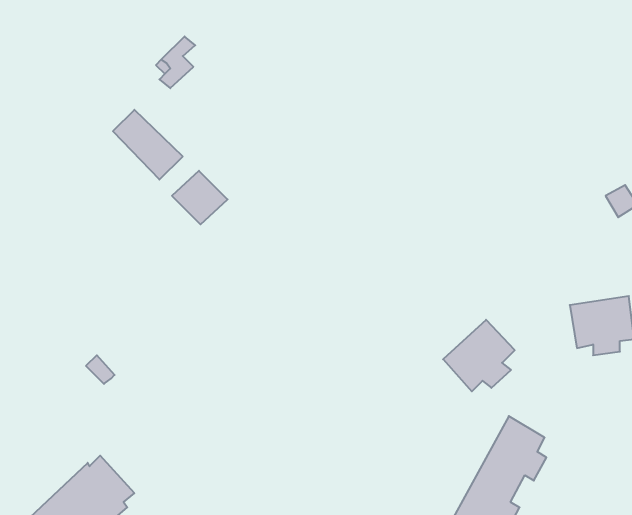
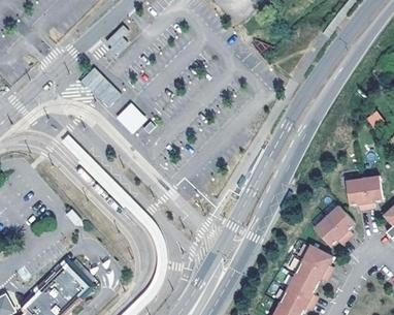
building: [443,320,515,391] -> [313,204,354,246]

